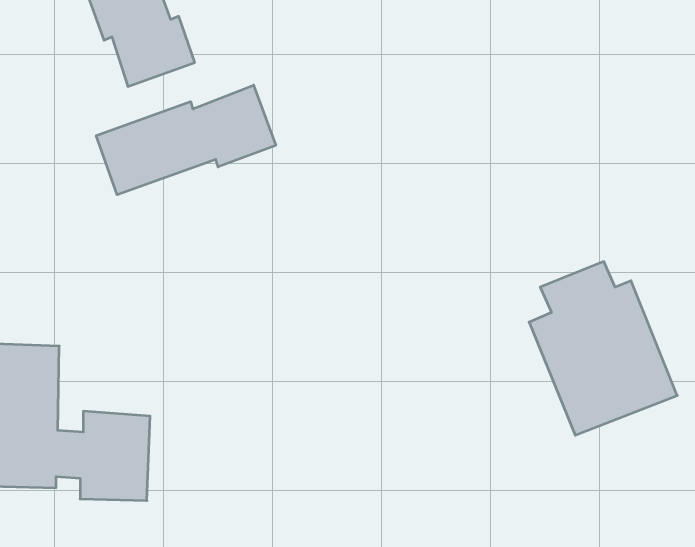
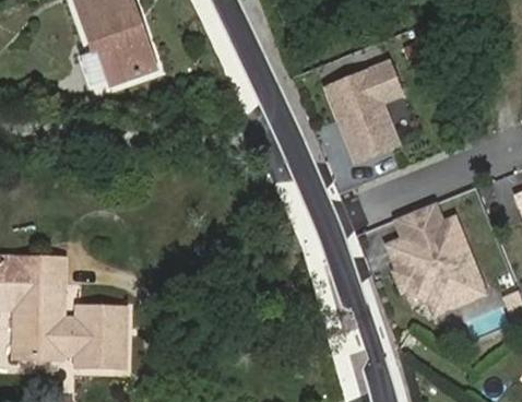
building: none -> [321,59,406,167]
building: [96,85,276,195] -> none

